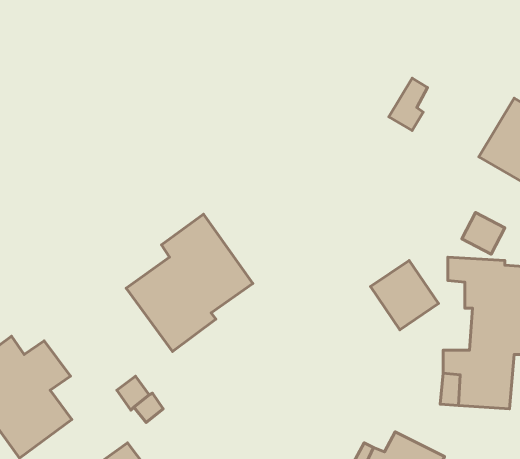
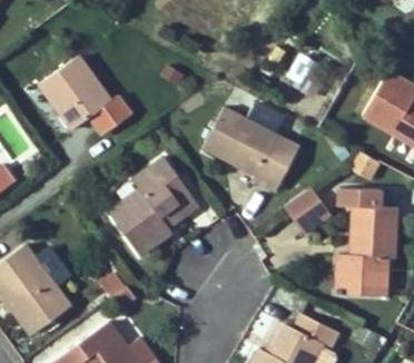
building: none -> [41,57,130,131]
building: none -> [205,107,302,190]

